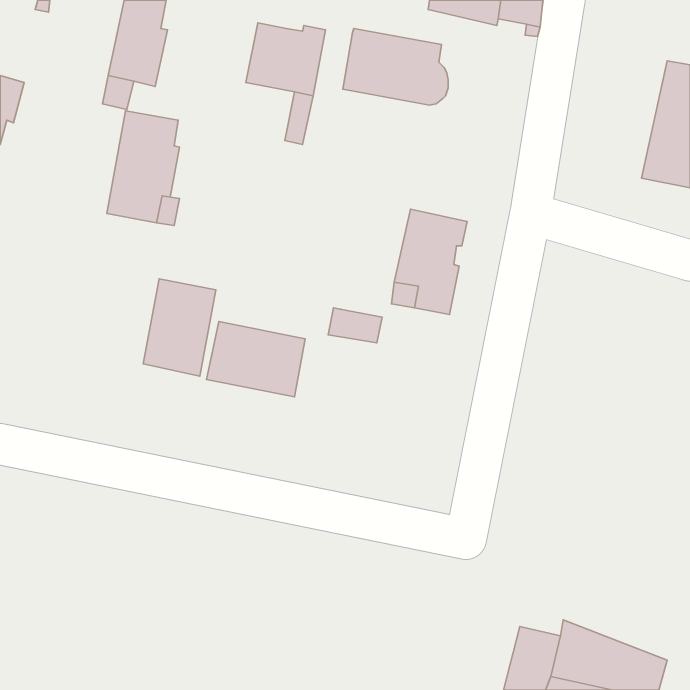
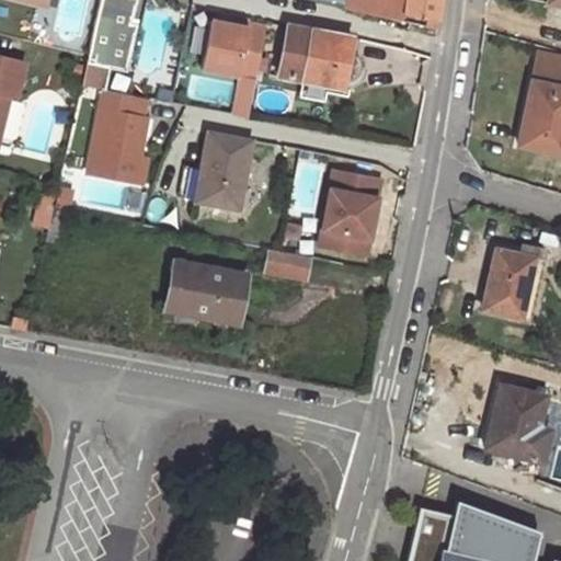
building: [143,279,216,376] -> [194,131,253,210]
building: none -> [484,249,536,317]
building: none -> [486,386,549,463]

